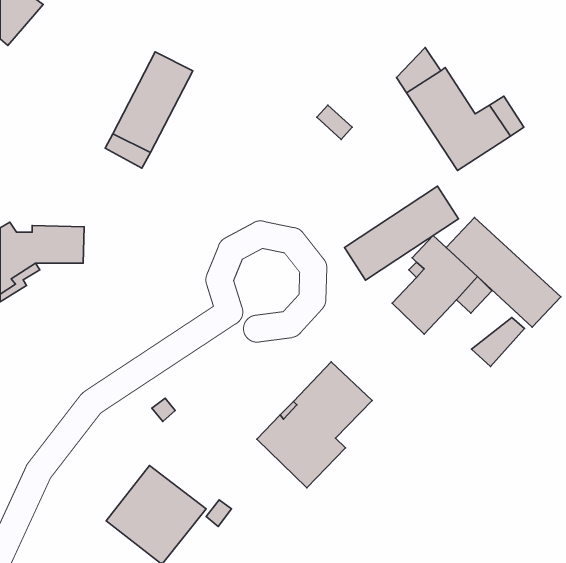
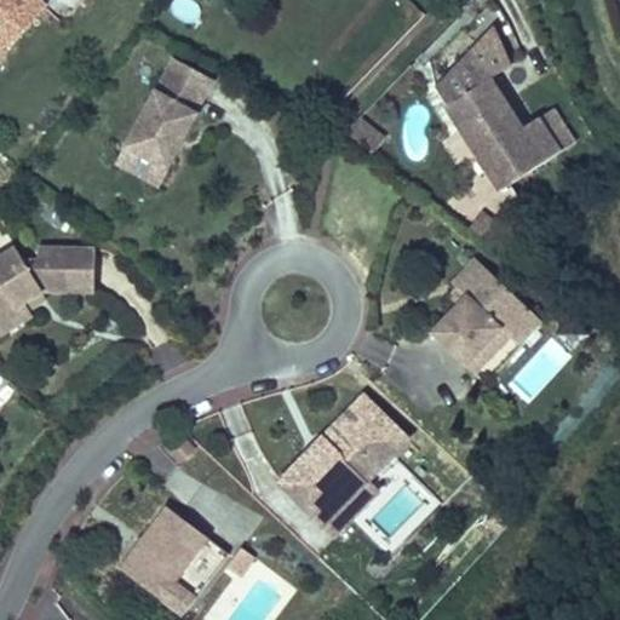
building: none -> [465,24,509,78]
building: [345,186,458,280] -> none
building: [446,217,561,327] -> none
building: [472,317,525,366] -> none

